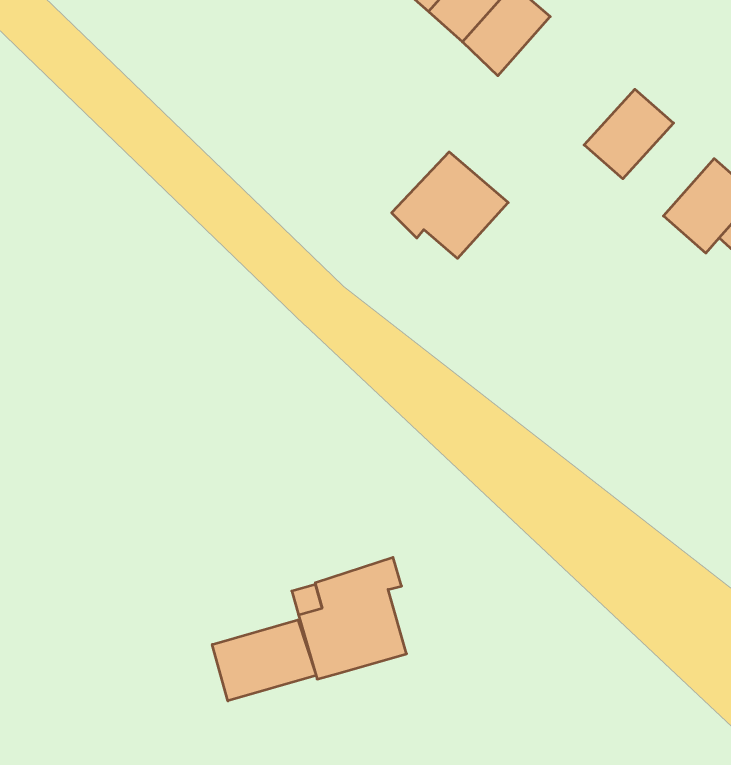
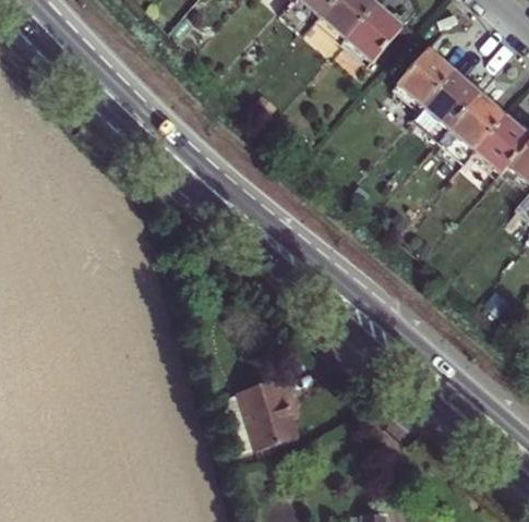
building: none -> [440,93,509,165]
building: [392,152,508,258] -> [383,38,458,107]
building: [212,620,316,701] -> none

